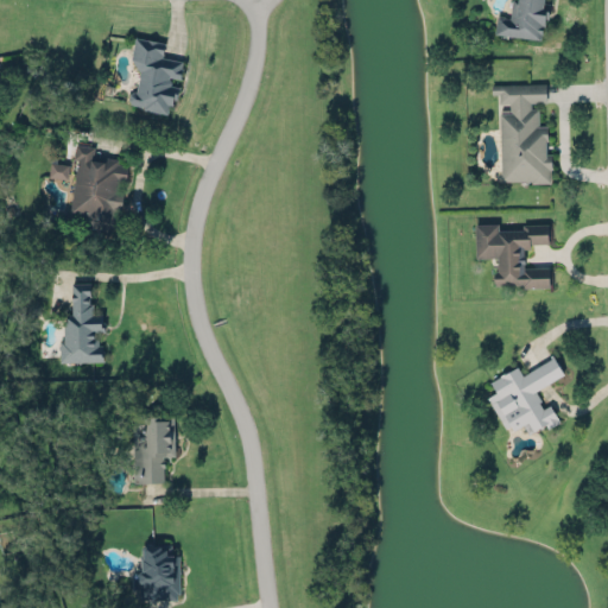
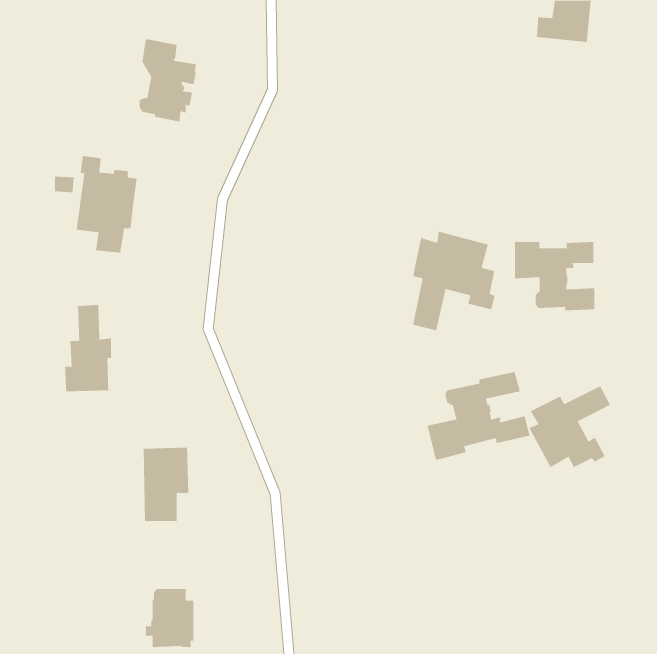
building: [490,84,552,185] -> none
building: none -> [413,231,495,331]
building: none -> [427,371,530,461]

